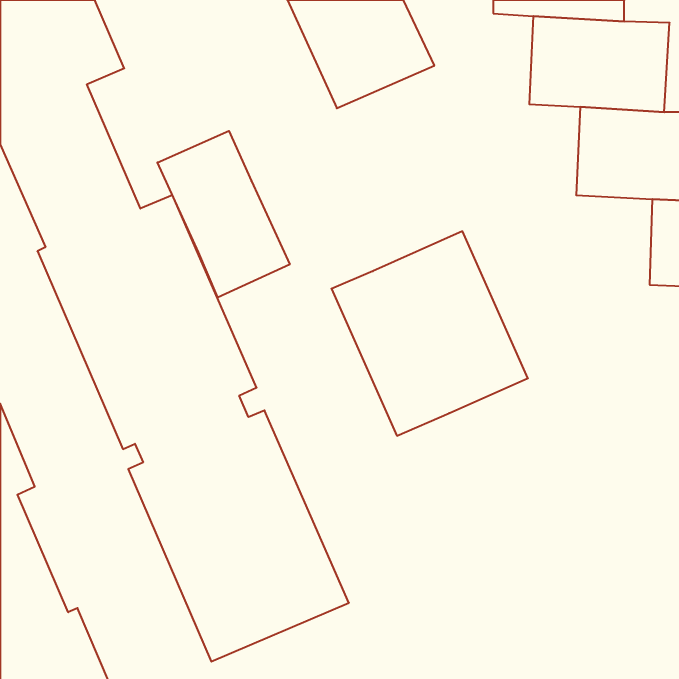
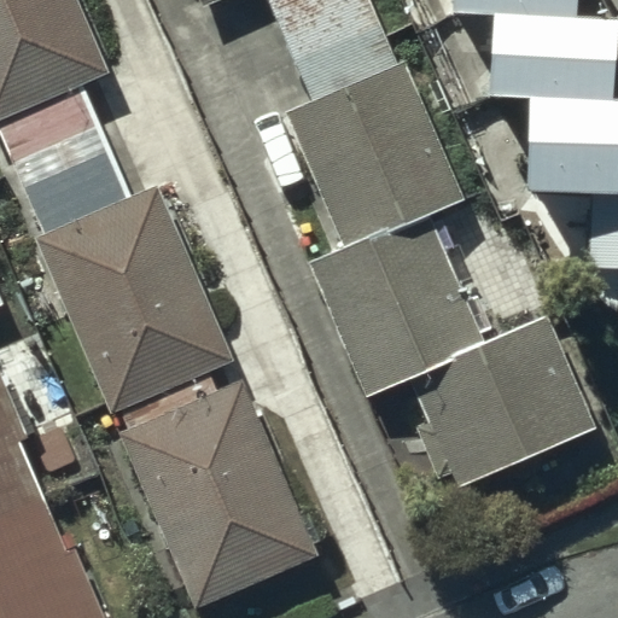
building: none -> [280,63,456,249]
building: [157,131,290,298] -> none
building: none -> [409,317,589,483]

